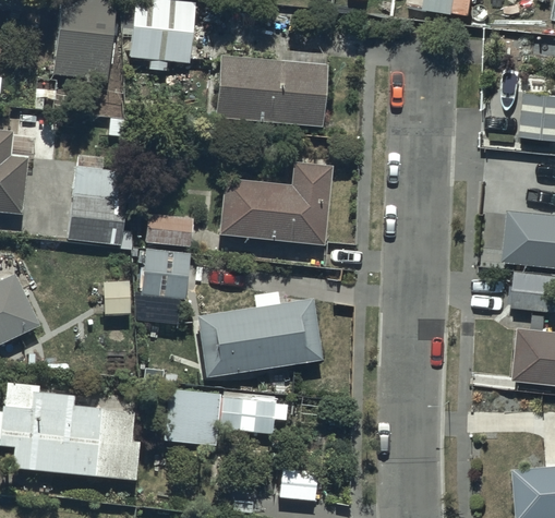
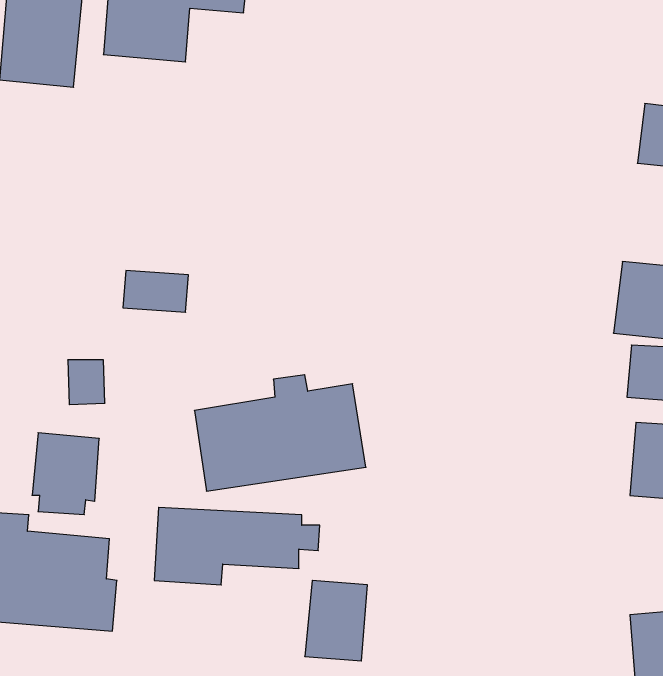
building: [215,58,327,128] -> none
building: [218,161,331,244] -> none
building: [70,166,126,244] -> none
building: [141,249,190,309] -> [32,433,99,515]

